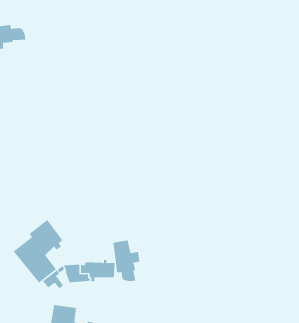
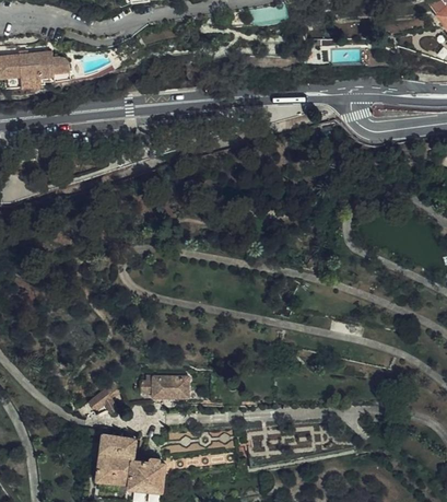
building: [13,219,63,284] -> none
building: [113,239,140,282] -> none

